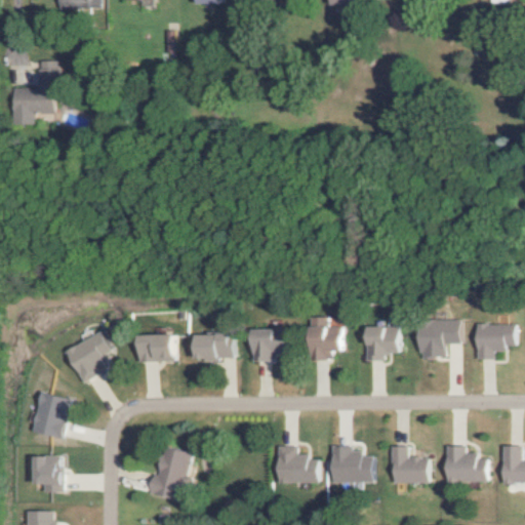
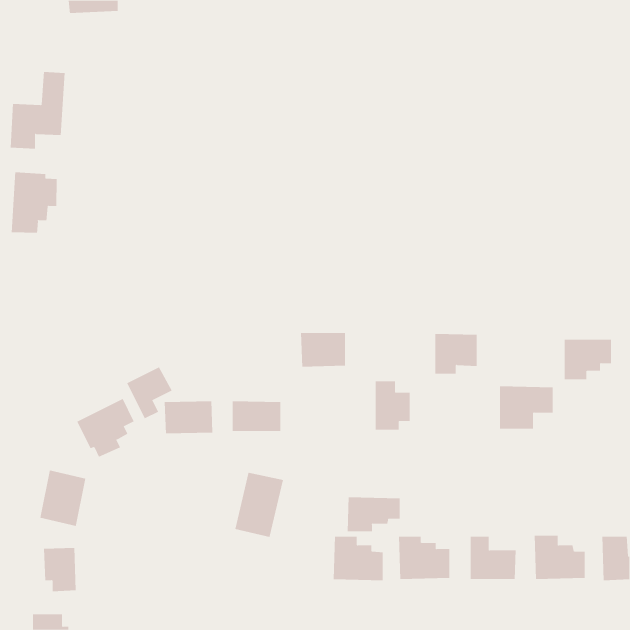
building: none -> [11,172,57,234]
building: none -> [126,366,173,419]
building: [473,324,513,358] -> [564,339,612,380]
building: [363,326,399,360] -> [434,333,478,374]
building: [249,329,287,358] -> [300,333,346,367]
building: none -> [347,497,400,532]
building: [152,446,193,500] -> [234,472,284,538]

